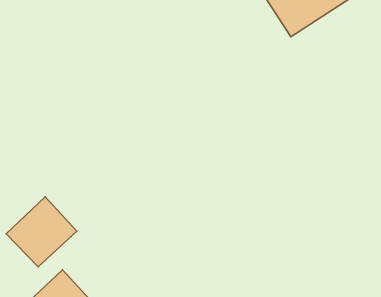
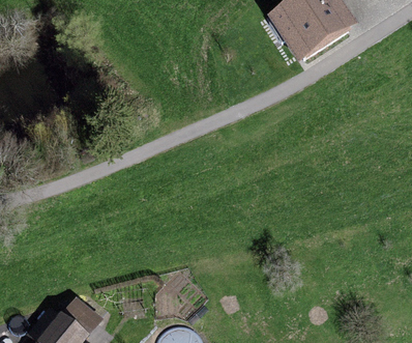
building: [6,197,77,267] -> none

